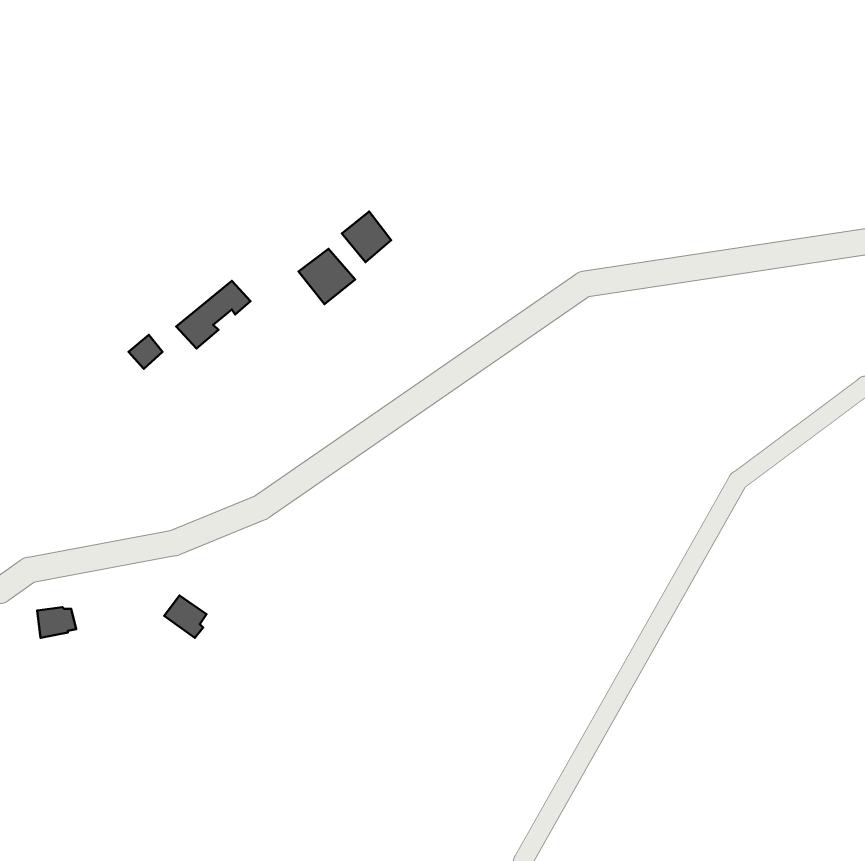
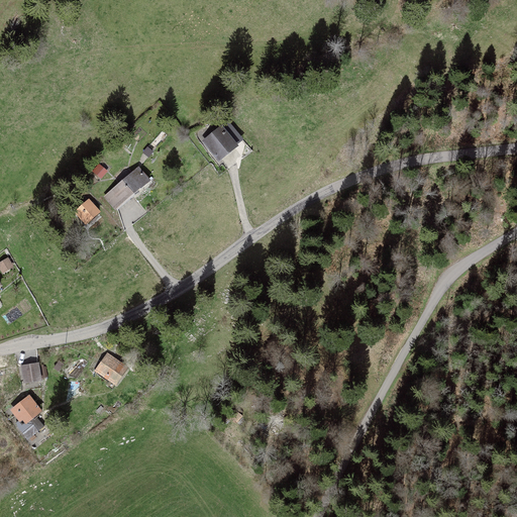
building: [299,249,355,304] -> none
building: none -> [13,394,44,436]

